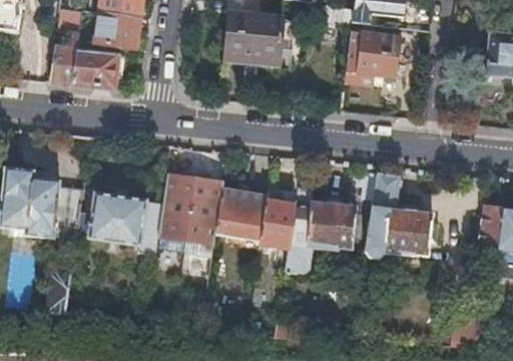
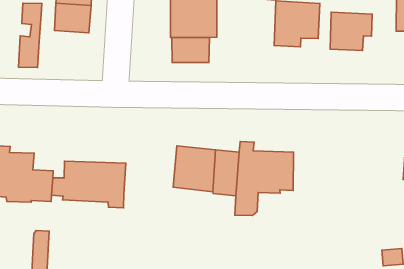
building: none -> [330,12,372,50]
building: [71,47,117,87] -> none
building: none -> [172,37,209,63]
building: [364,170,433,257] -> none
building: [158,173,224,258] -> none

